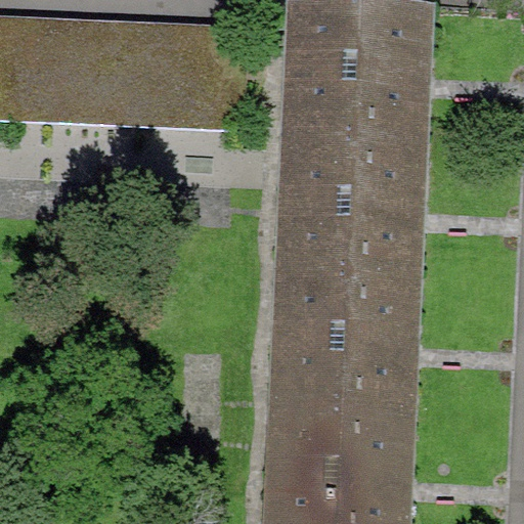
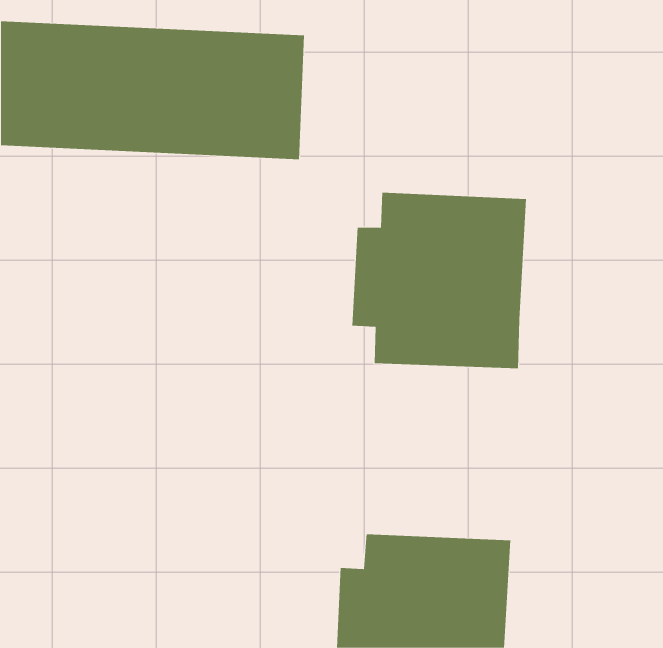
building: [283,15,422,157] -> none
building: [271,287,409,426] -> none

